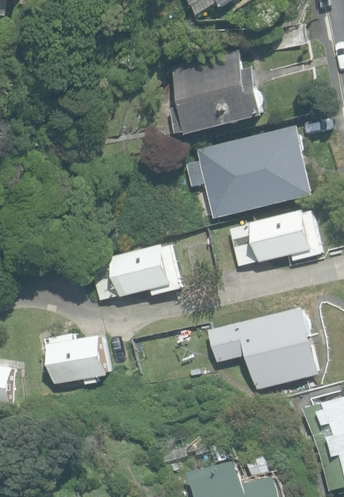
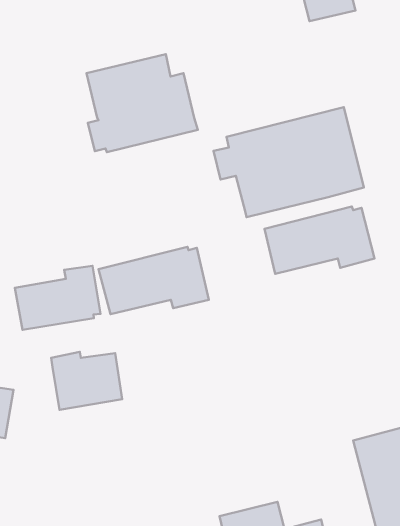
building: [170,50,264,133] -> [87,54,198,152]
building: none -> [15,266,100,330]
building: [209,306,320,389] -> none

